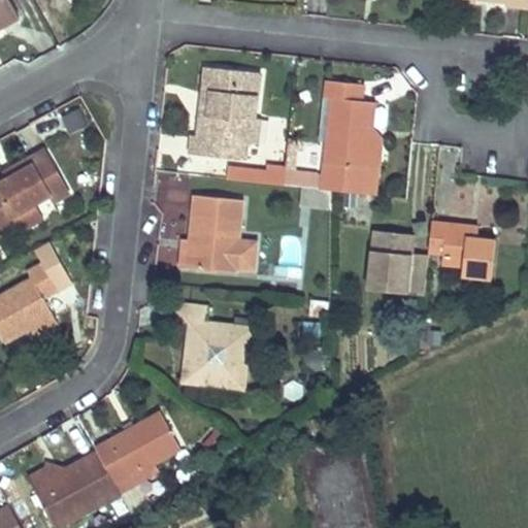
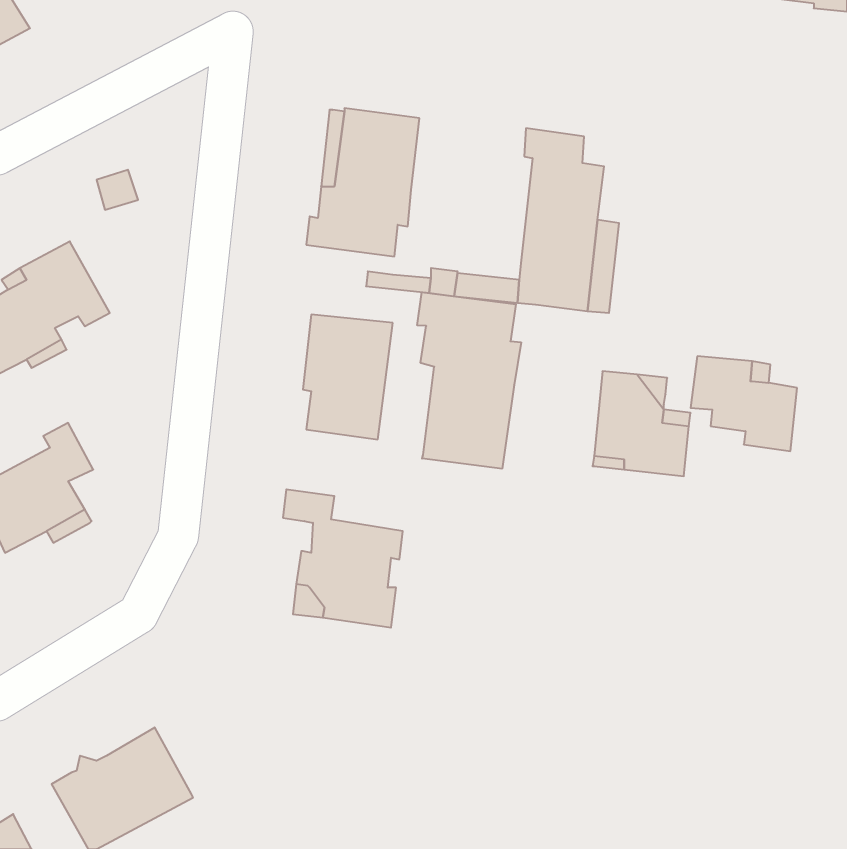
building: none -> [417,292,521,469]
building: [94,411,179,492] -> none

